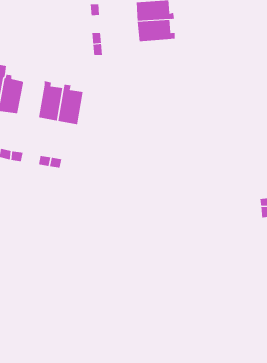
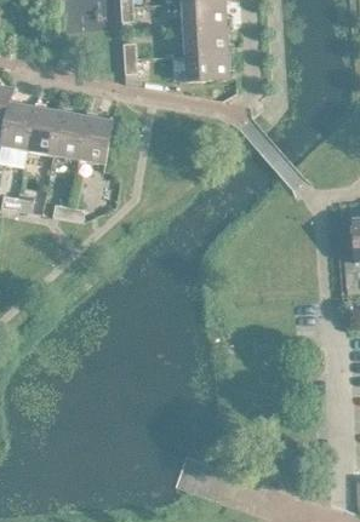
building: none -> [184,52,234,82]
building: none -> [25,102,59,155]

